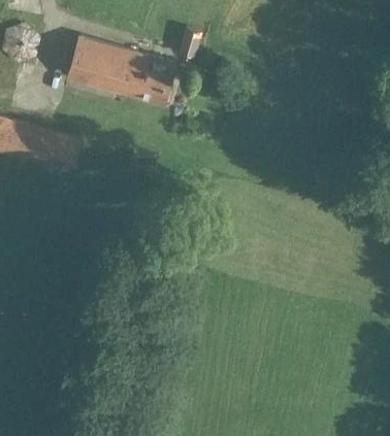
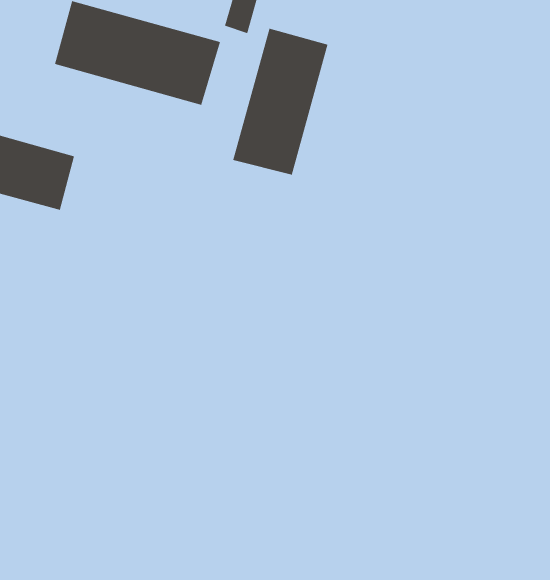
building: none -> [232,28,328,176]

